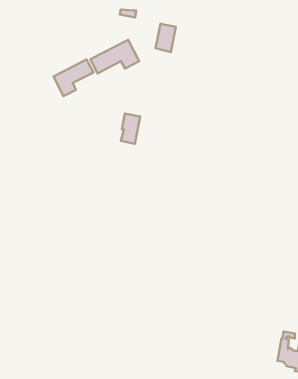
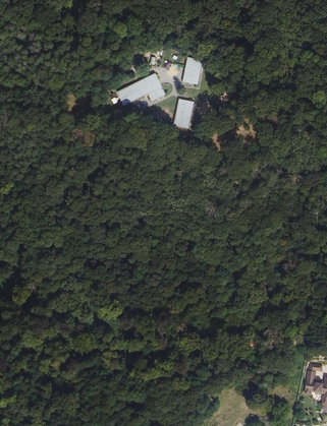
building: [54,60,93,96] -> none
building: [121,113,140,144] -> [174,98,194,128]

